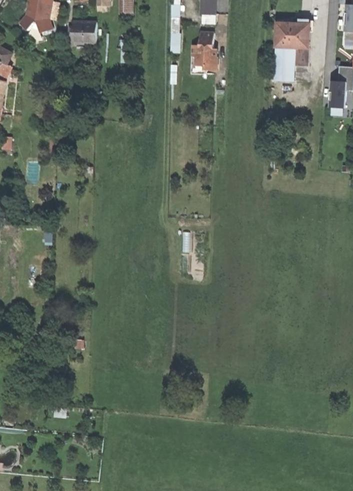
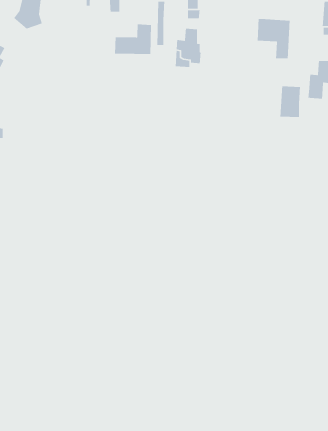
building: [71,21,96,43] -> none
building: none -> [114,24,152,55]
building: [273,46,295,80] -> [280,85,301,118]

